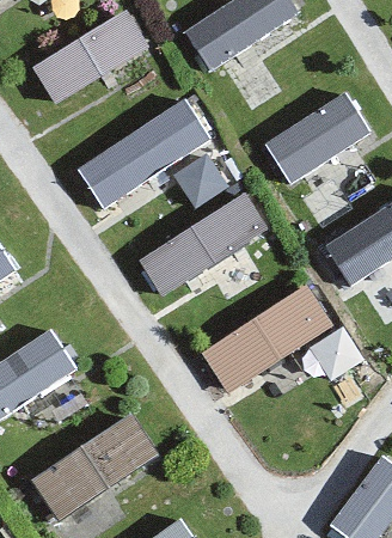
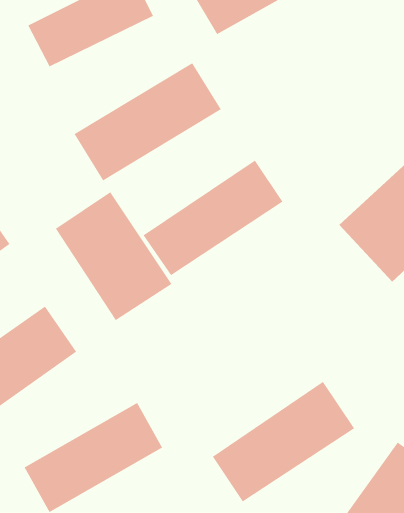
building: [263,92,374,182] -> none
building: none -> [55,191,173,321]
building: [202,281,336,395] -> [212,381,355,503]

